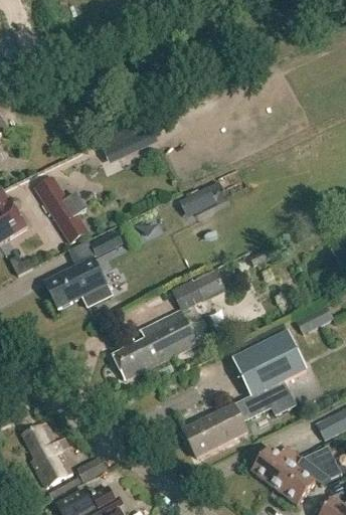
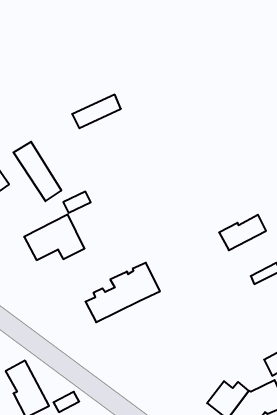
building: [179,180,222,217] -> none
building: [169,269,222,309] -> [219,215,266,250]
building: [183,332,307,457] -> none

